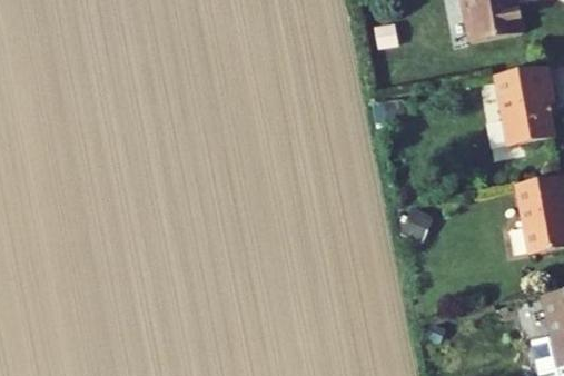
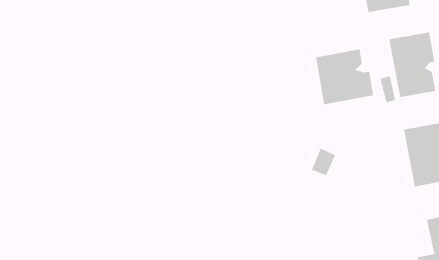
building: none -> [315,49,374,105]

